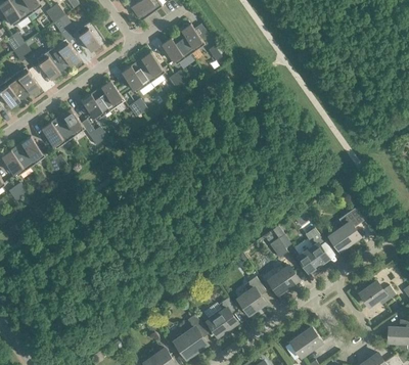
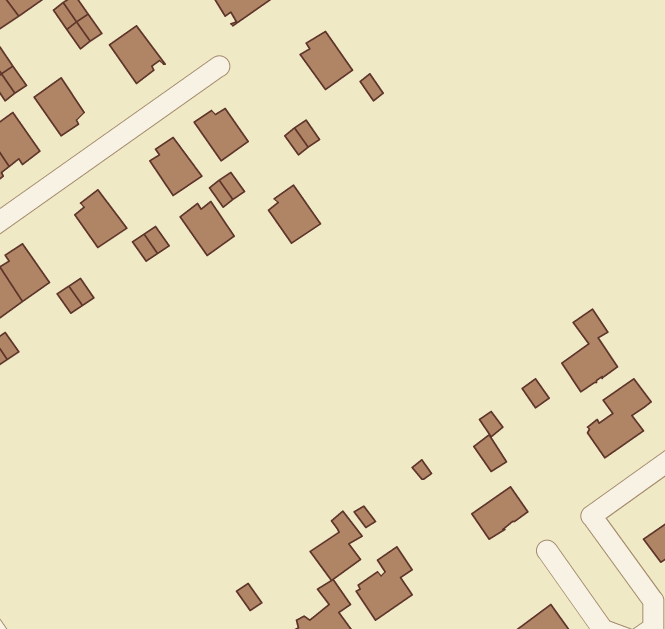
building: [161,37,190,65] -> none
building: [50,39,79,67] -> none
building: [137,52,165,83] -> [268,185,320,243]
building: [81,93,109,122] -> [180,201,234,255]
building: [41,122,70,149] -> none
building: [298,228,327,272] -> [562,309,618,392]
building: [237,277,265,314] -> [310,511,362,581]

